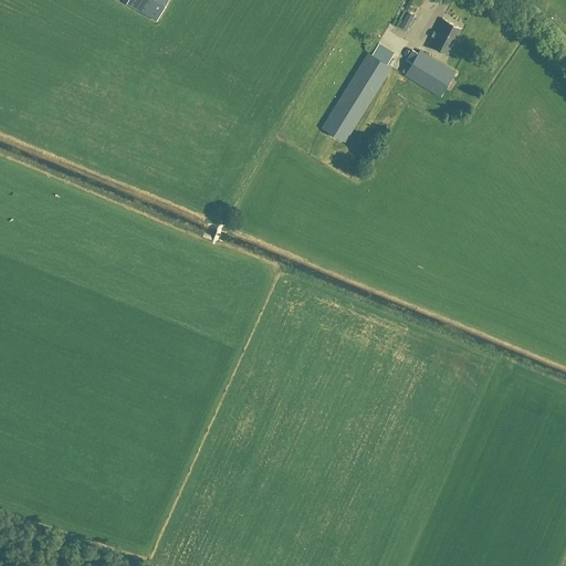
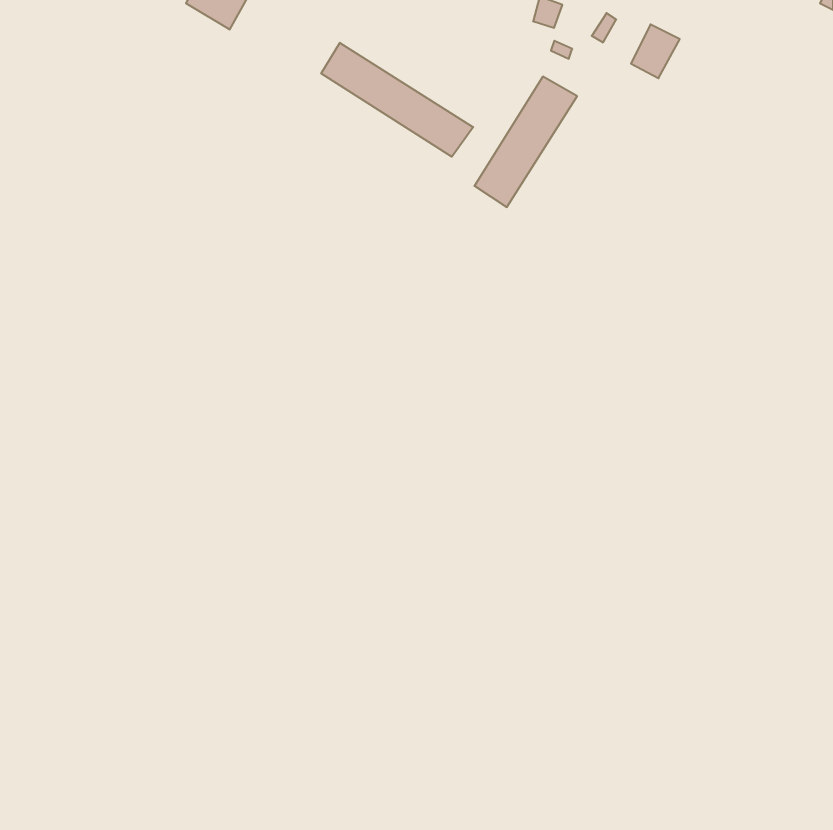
building: none -> [321,43,473,157]
building: [405,49,454,96] -> none

